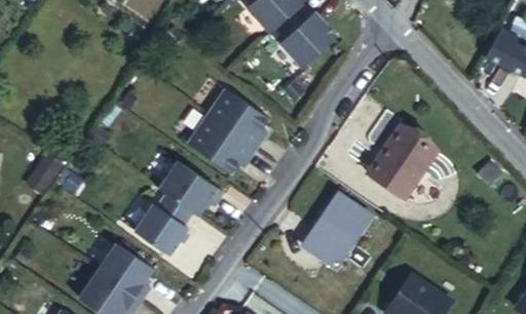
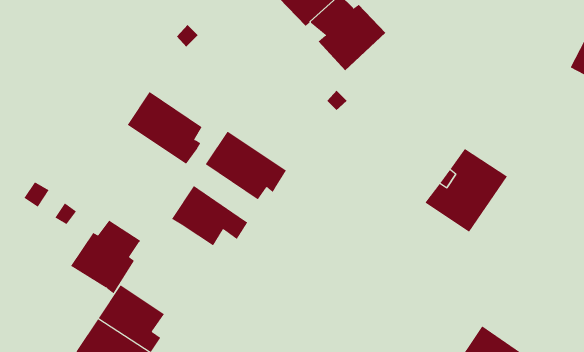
building: [202,86,265,147] -> [127,91,203,164]
building: [133,192,191,253] -> [70,220,141,294]
building: [303,199,370,271] -> none

